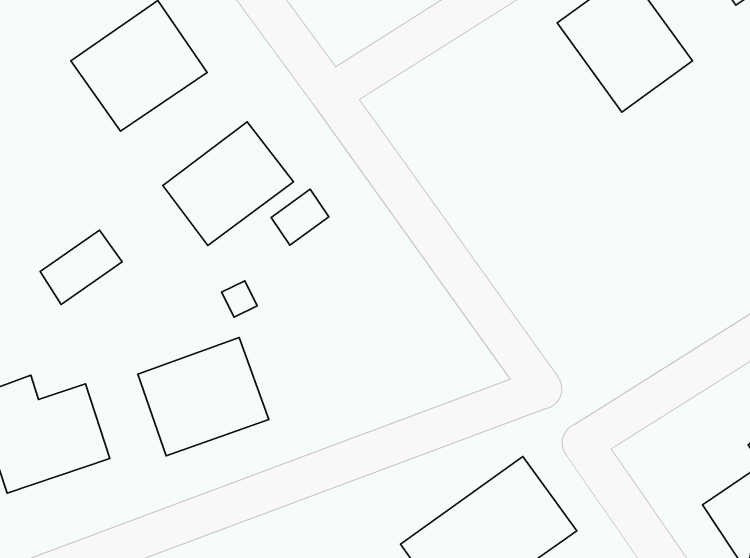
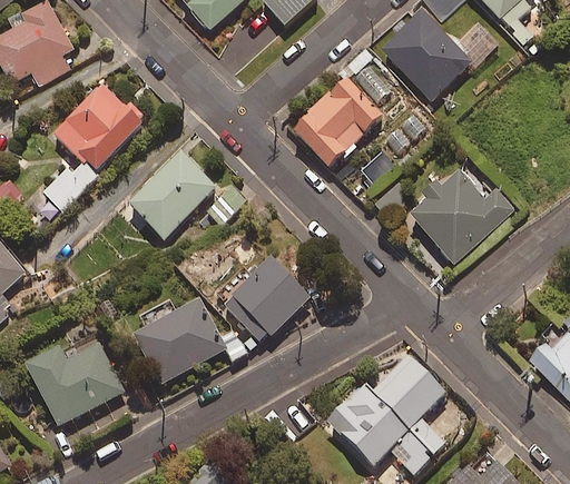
building: none -> [294,76,383,165]
building: none -> [409,168,513,263]
building: [40,230,122,305] -> [43,157,98,211]
building: none -> [225,255,309,339]

